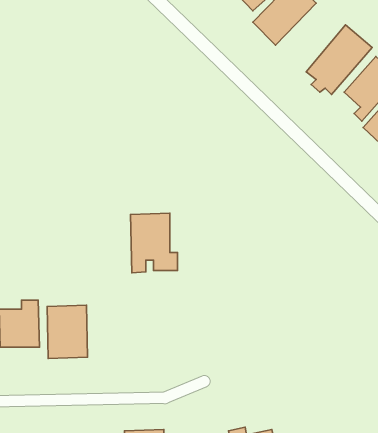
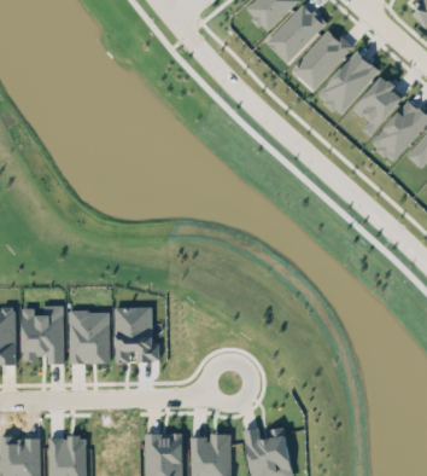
building: none -> [291,29,351,89]
building: [131,213,178,273] -> [115,307,159,364]

